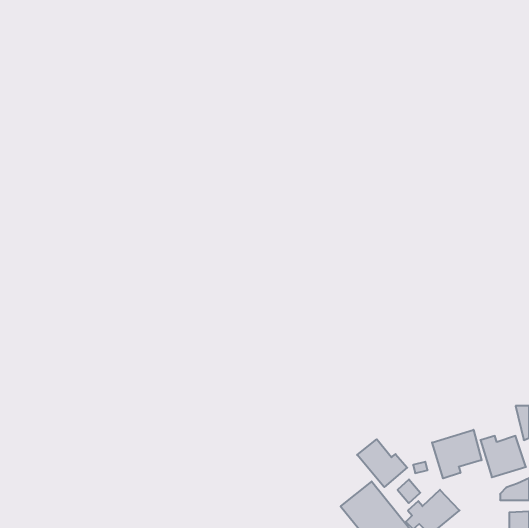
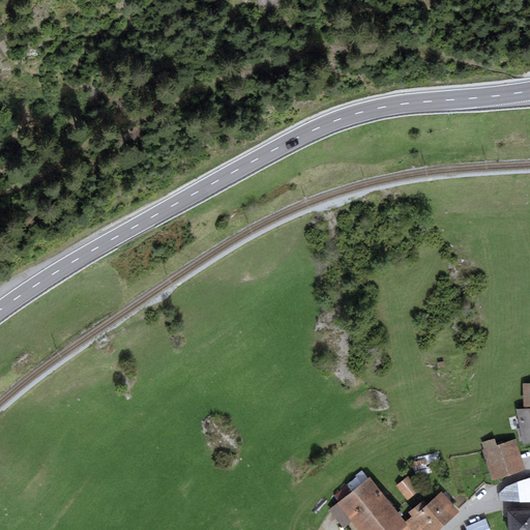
building: [432,430,482,478] -> none
building: [357,439,407,487] -> none

